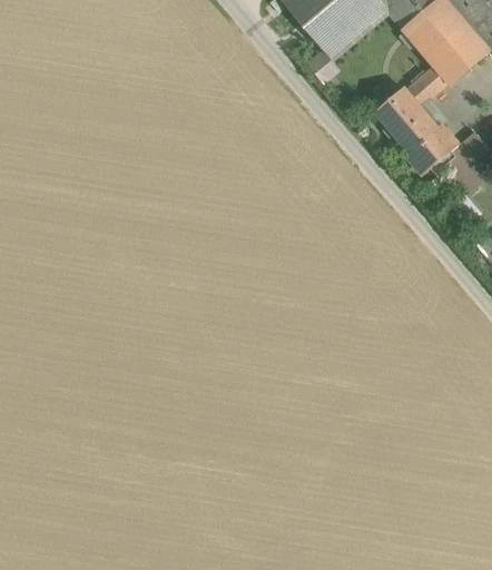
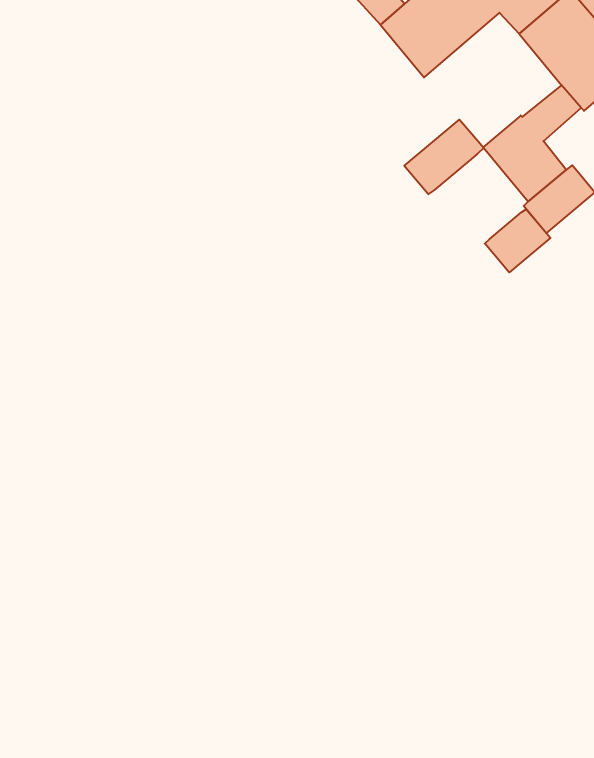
building: none -> [404,120,484,194]
building: none -> [485,209,550,272]

